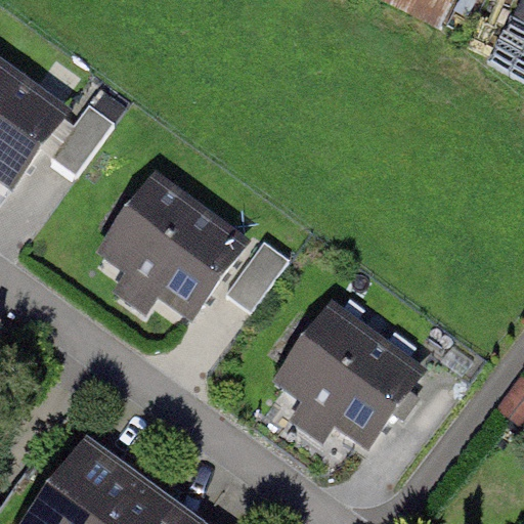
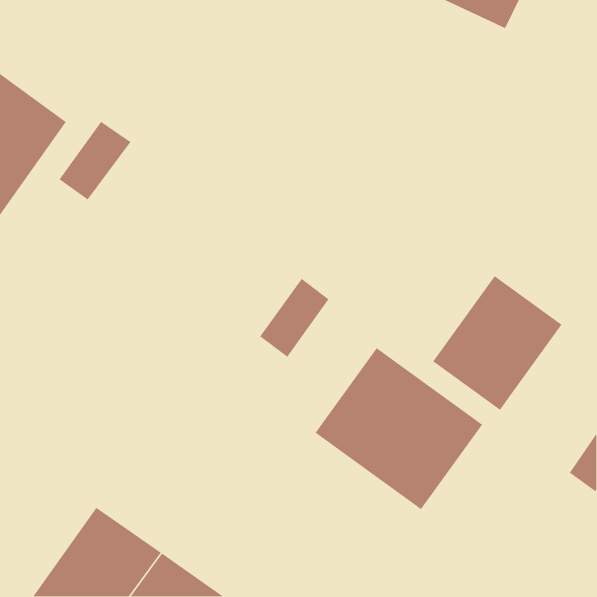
building: [99,176,245,317] -> none
building: none -> [432,275,563,411]

